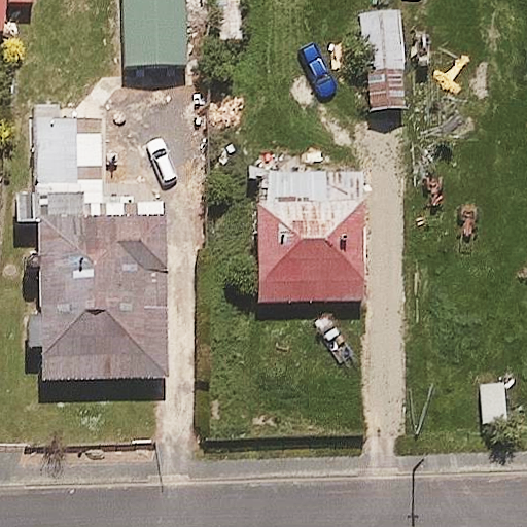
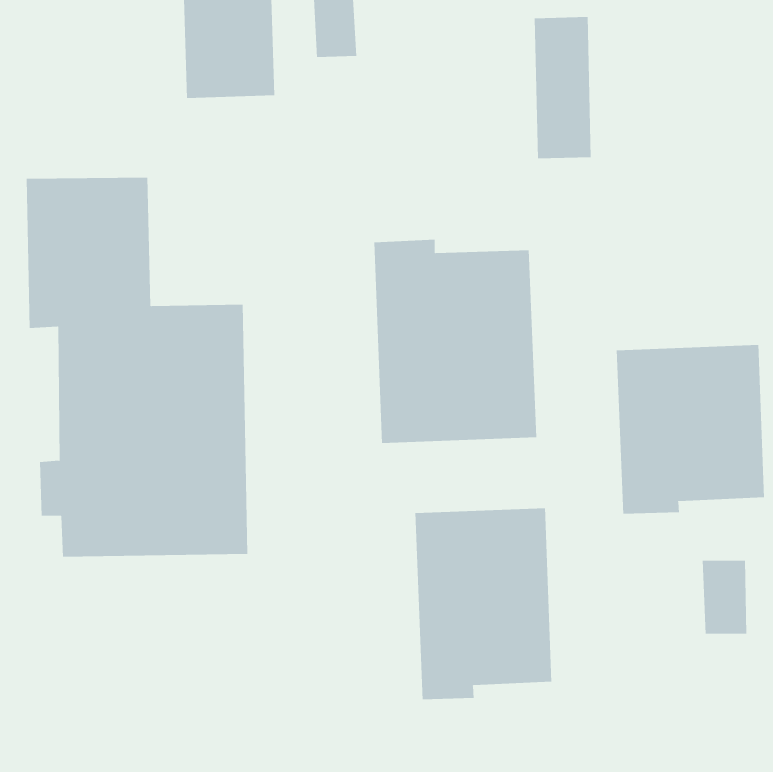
building: none -> [616,344,765,515]
building: none -> [415,508,552,700]

